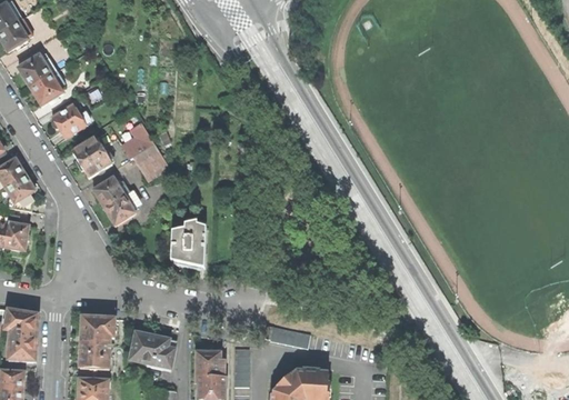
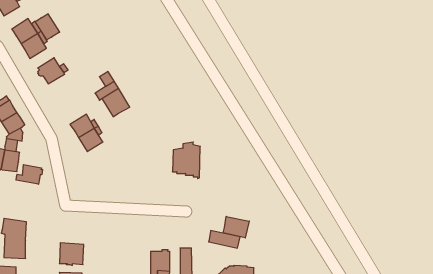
building: none -> [35,14,60,40]
building: [72,138,111,178] -> none
building: [170,221,206,268] -> [172,142,200,179]
building: none -> [16,165,43,184]
building: none -> [223,216,249,238]
building: [80,317,114,343] -> none
building: [130,332,176,368] -> none

